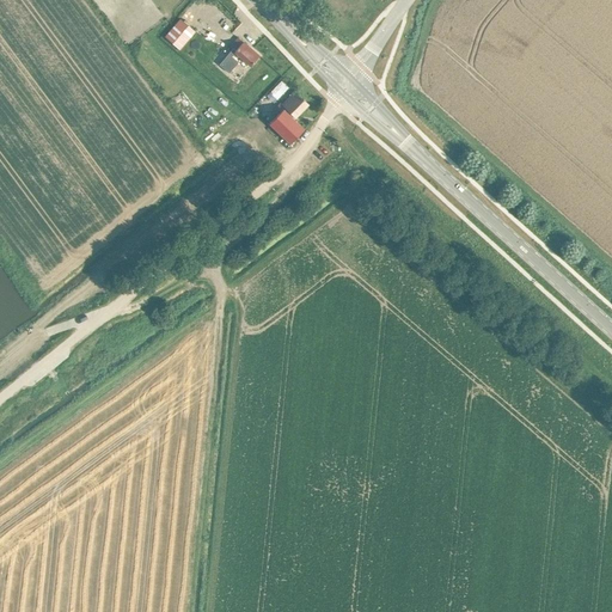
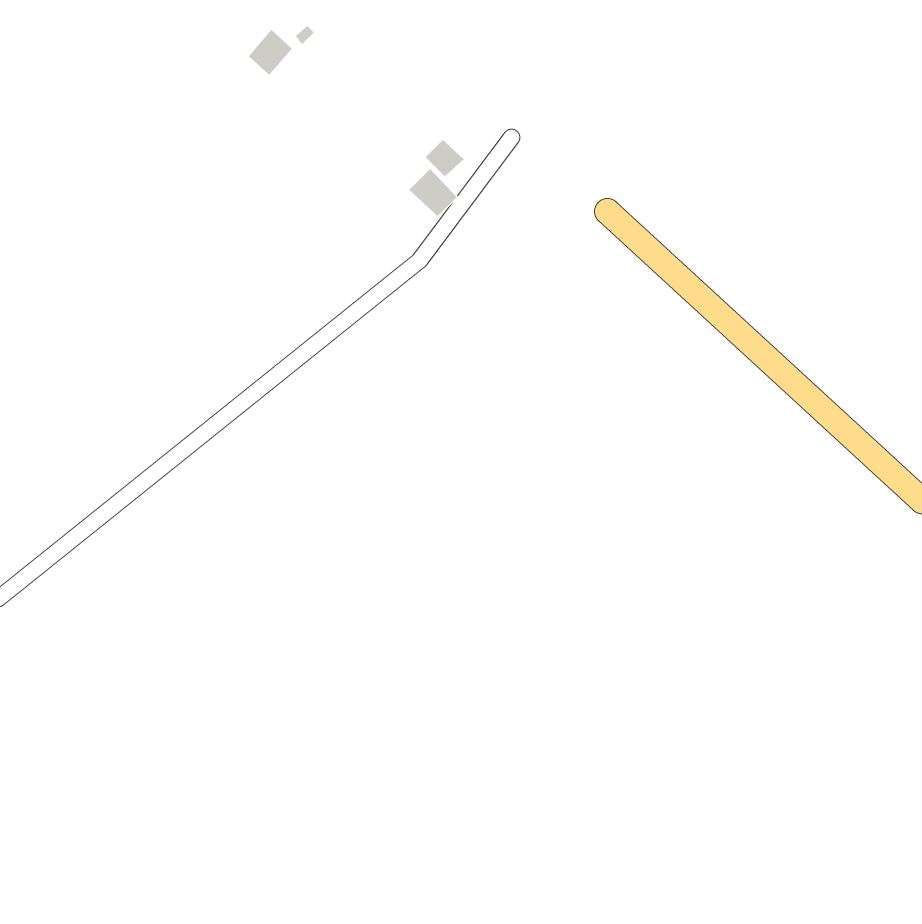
building: [218,37,258,74] -> none

